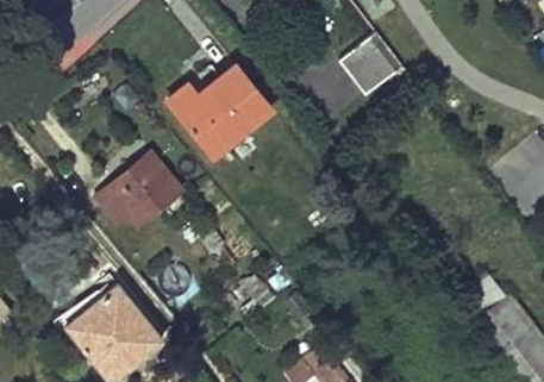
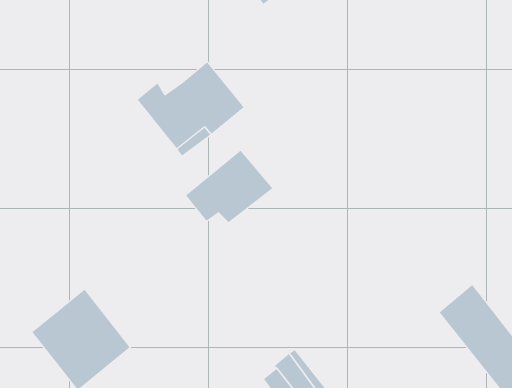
building: [340,33,401,95] -> none
building: [96,154,181,224] -> [185,150,273,223]

